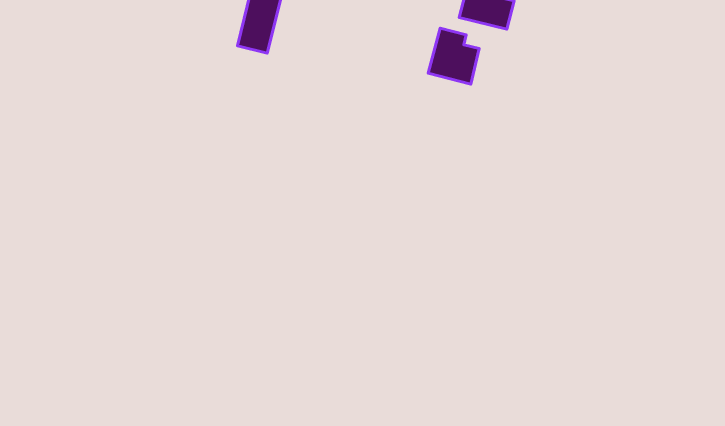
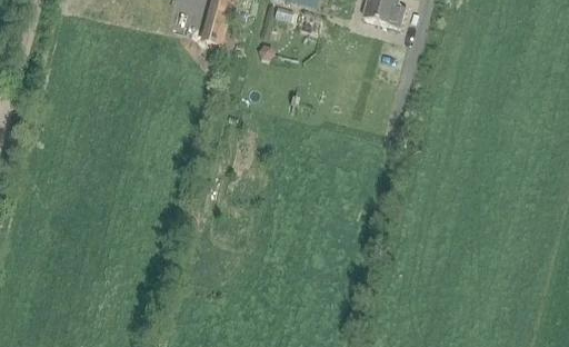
building: [428,28,479,84] -> none

